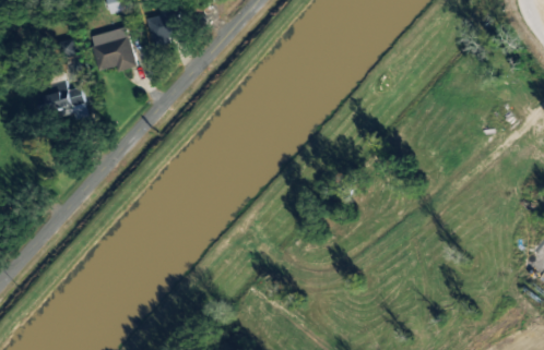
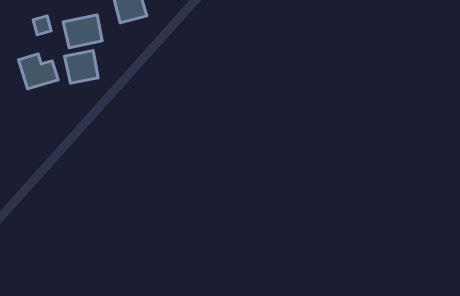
building: none -> [64,50,98,83]

